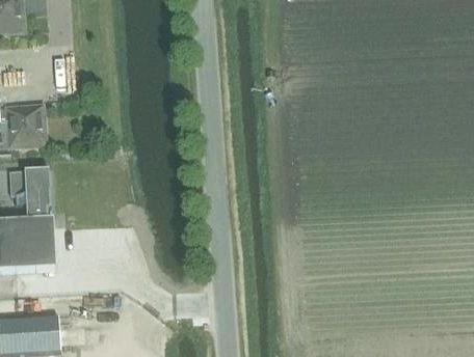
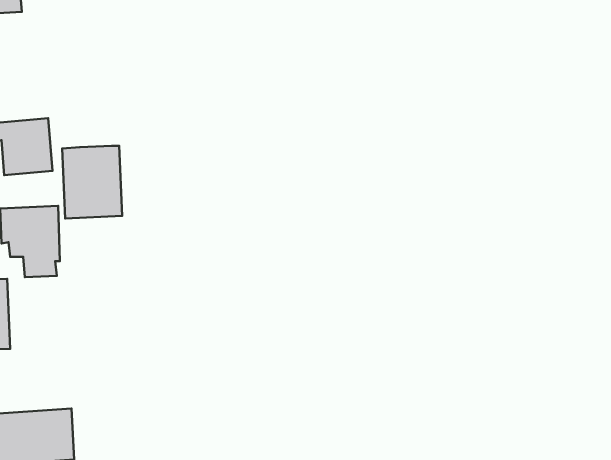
building: [11,218,54,270] -> [62,146,122,219]

